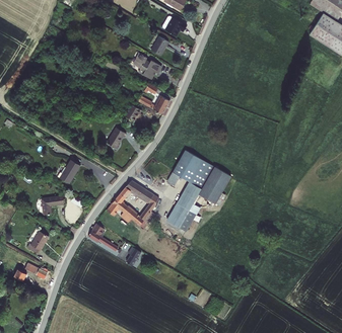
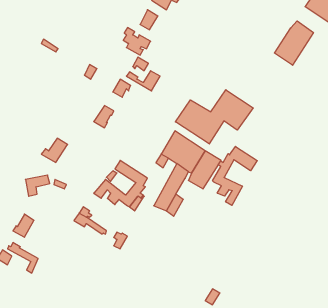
building: none -> [274,21,313,65]
building: none -> [175,90,253,144]
building: none -> [213,146,257,205]

